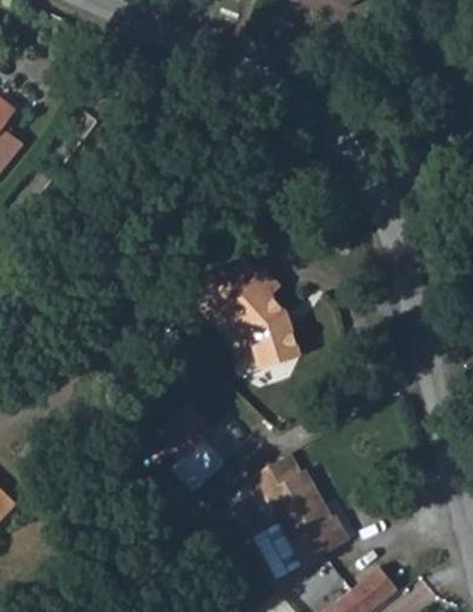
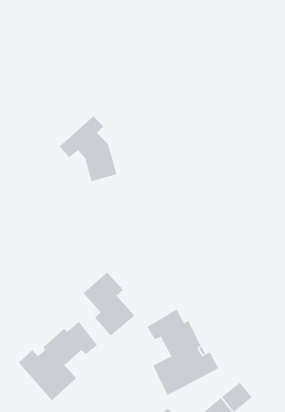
building: [216,273,301,369] -> [59,115,117,182]
building: none -> [18,321,98,401]

